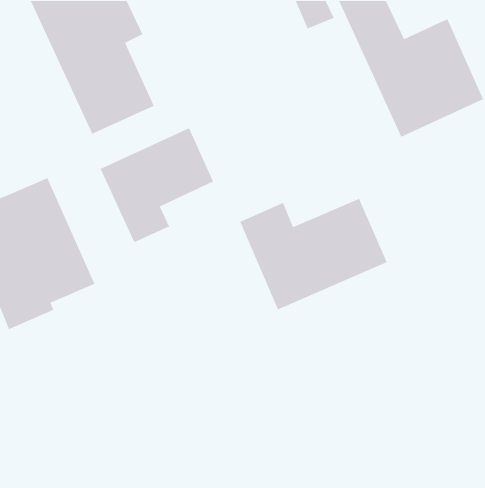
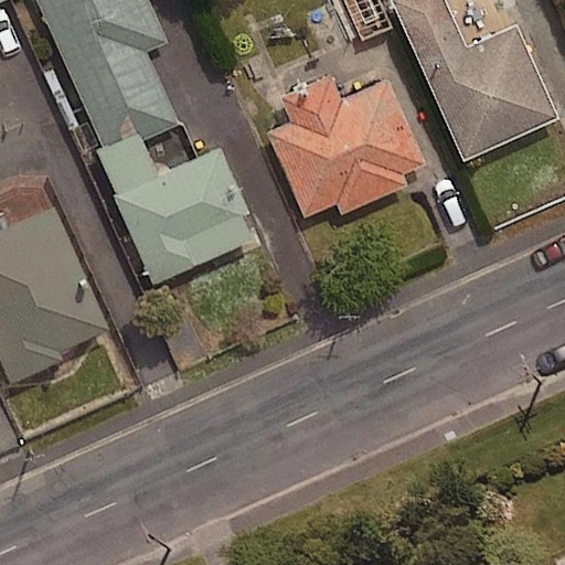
building: none -> [266,73,425,217]
building: [239,198,388,311] -> none

